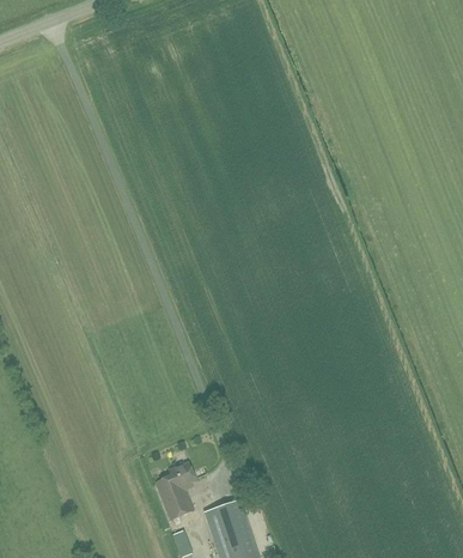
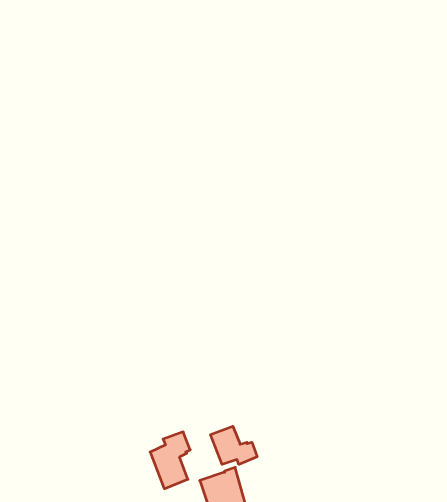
building: none -> [211,426,257,464]

